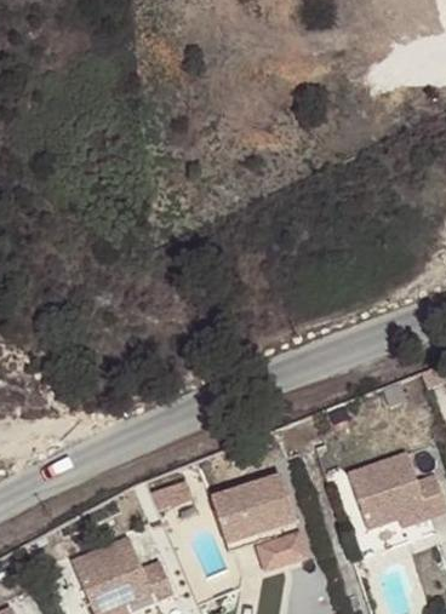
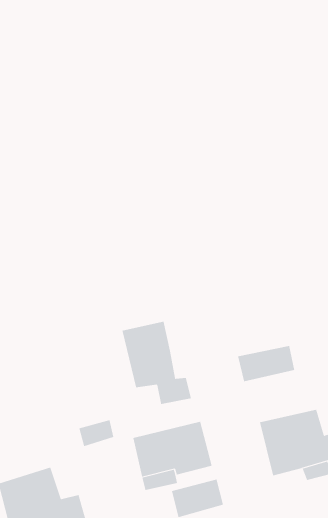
building: none -> [122,321,191,405]
building: none -> [237,345,295,382]

